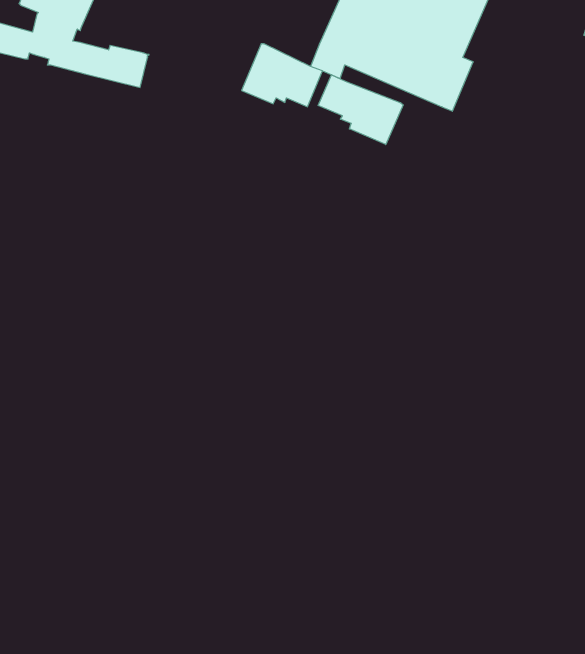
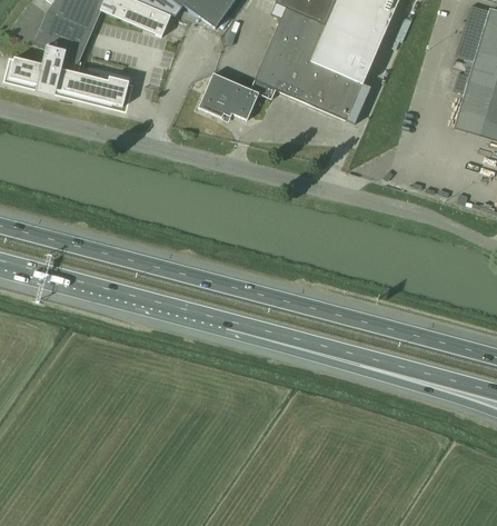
building: [318,75,403,145] -> none

